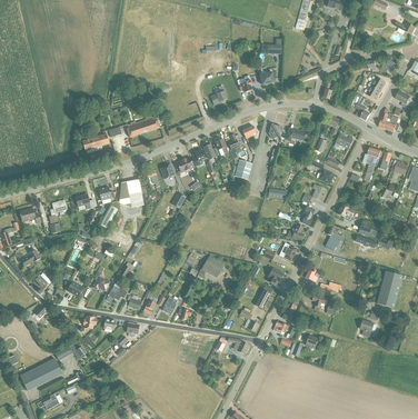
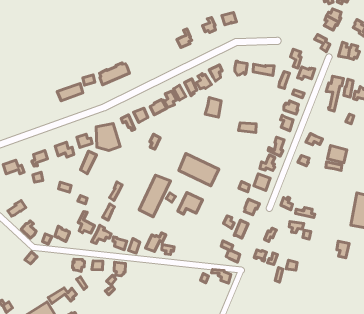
building: none -> [179,153,219,186]
building: none -> [139,175,170,217]

